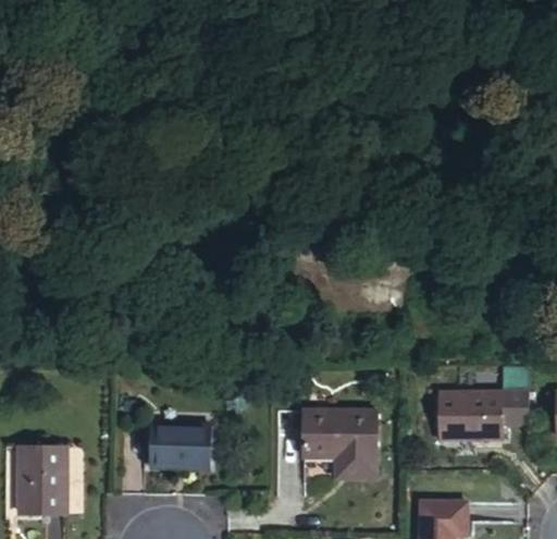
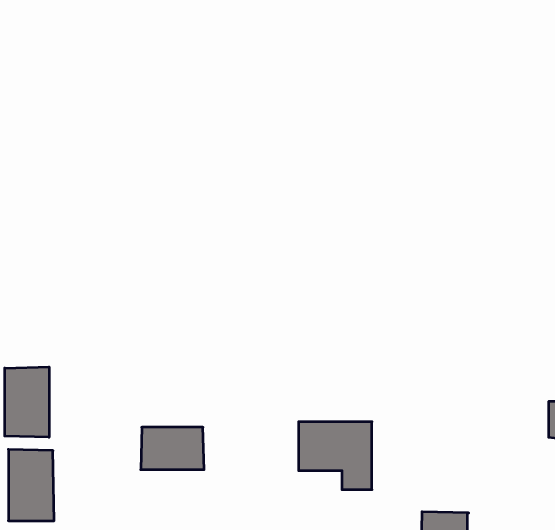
building: none -> [5,367,49,437]
building: [437,393,529,440] -> none

